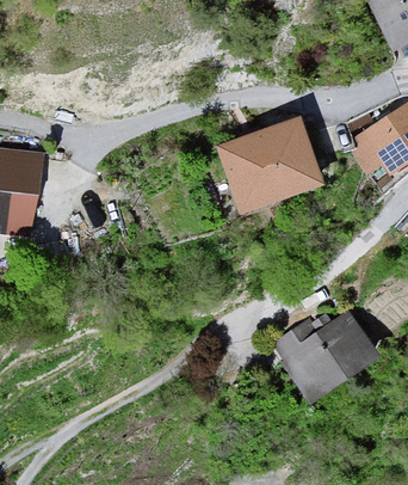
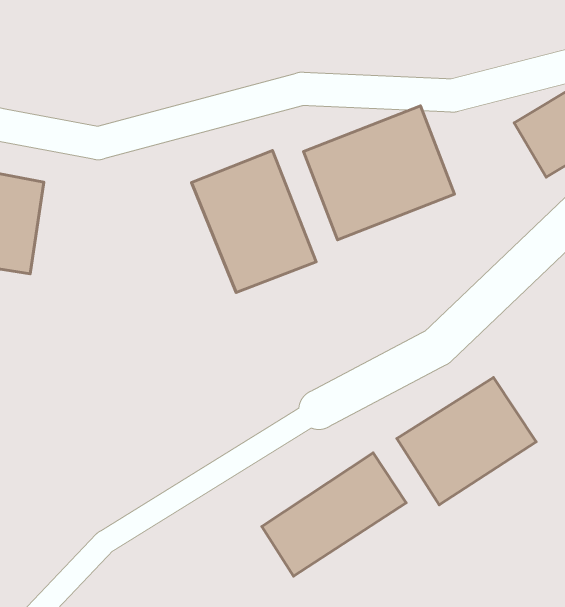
building: none -> [192,150,316,293]
building: none -> [262,453,406,576]

